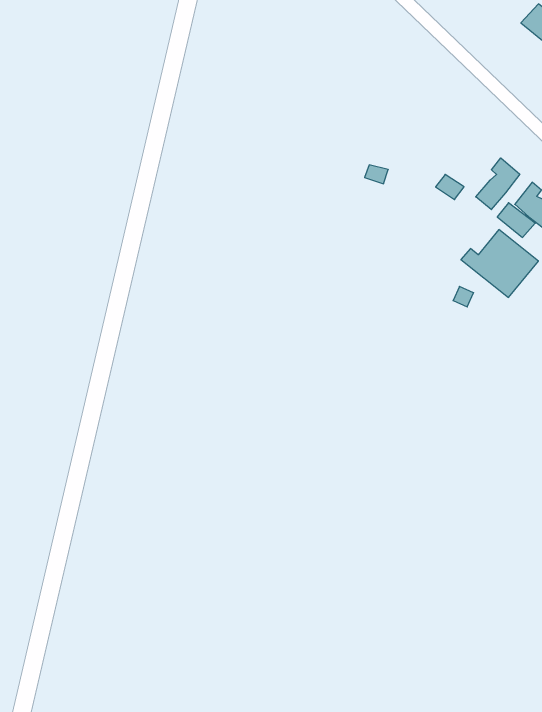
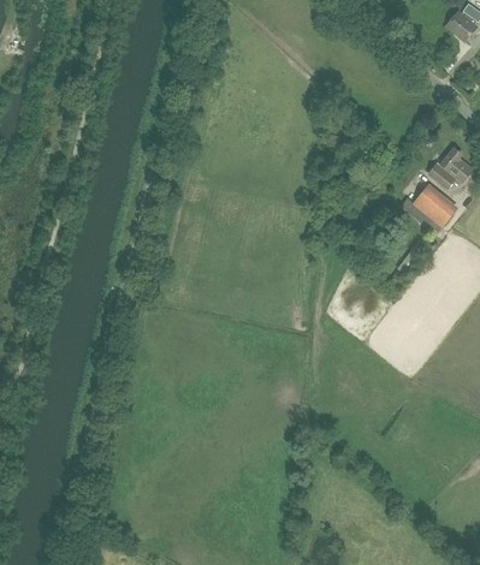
building: [476,158,520,210] -> none

